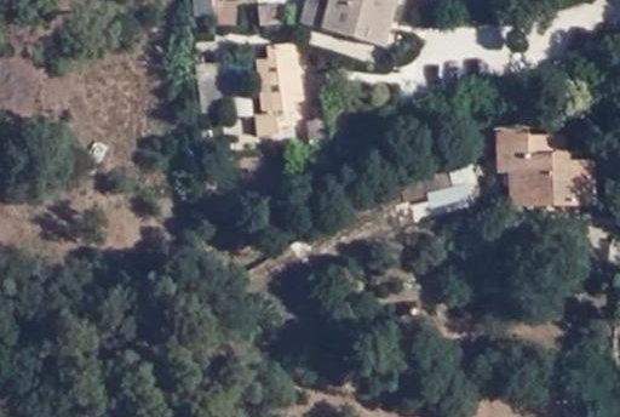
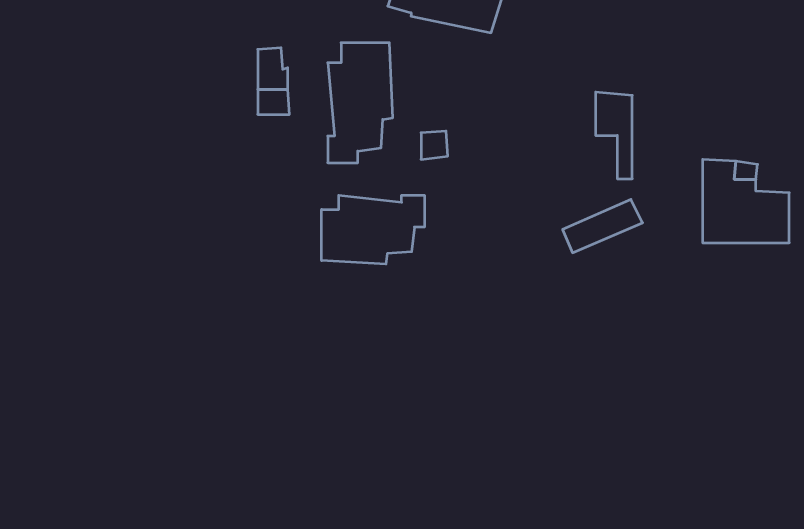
building: [501,132,528,195] -> [596,92,632,179]
building: none -> [322,195,424,264]

